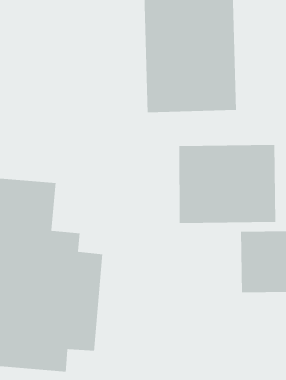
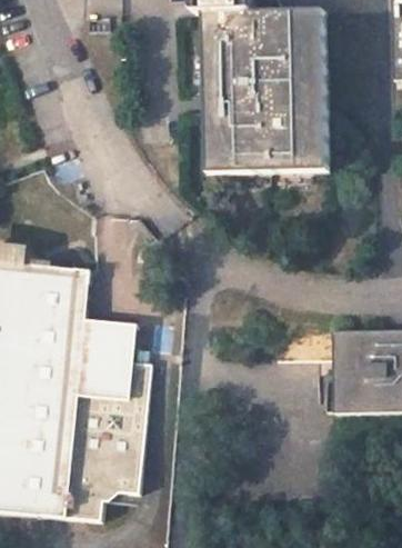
building: [179,144,276,224] -> none

